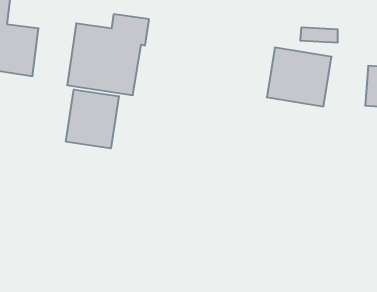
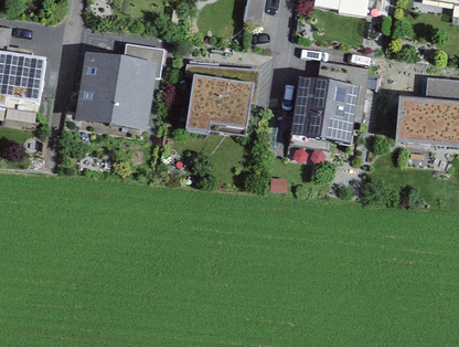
building: none -> [186,76,250,128]
building: [66,89,119,148] -> none

